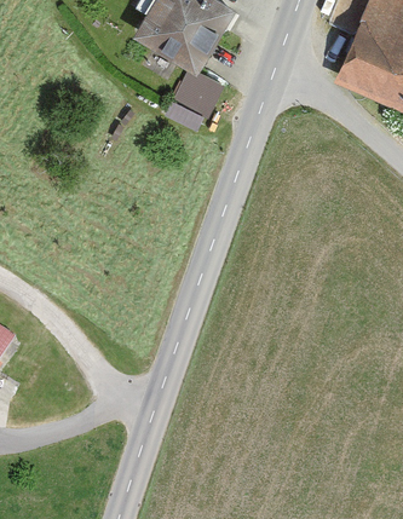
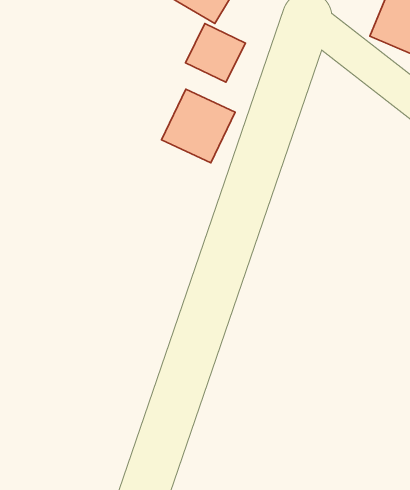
building: none -> [162,89,235,163]

